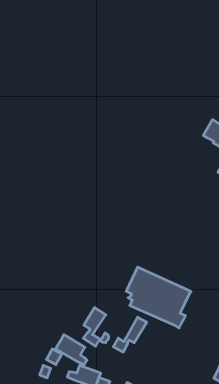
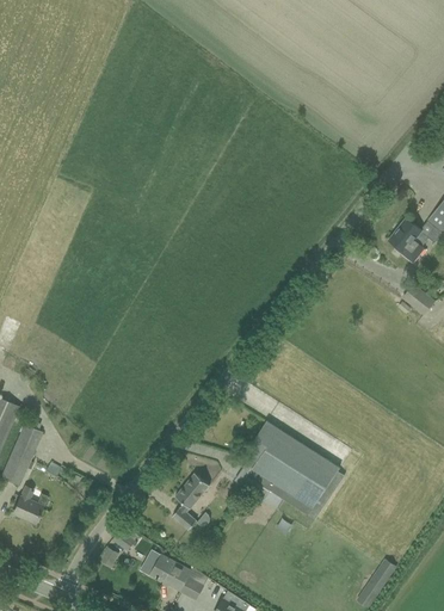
building: [113,317,147,352] -> none
building: [56,335,87,365] -> none

